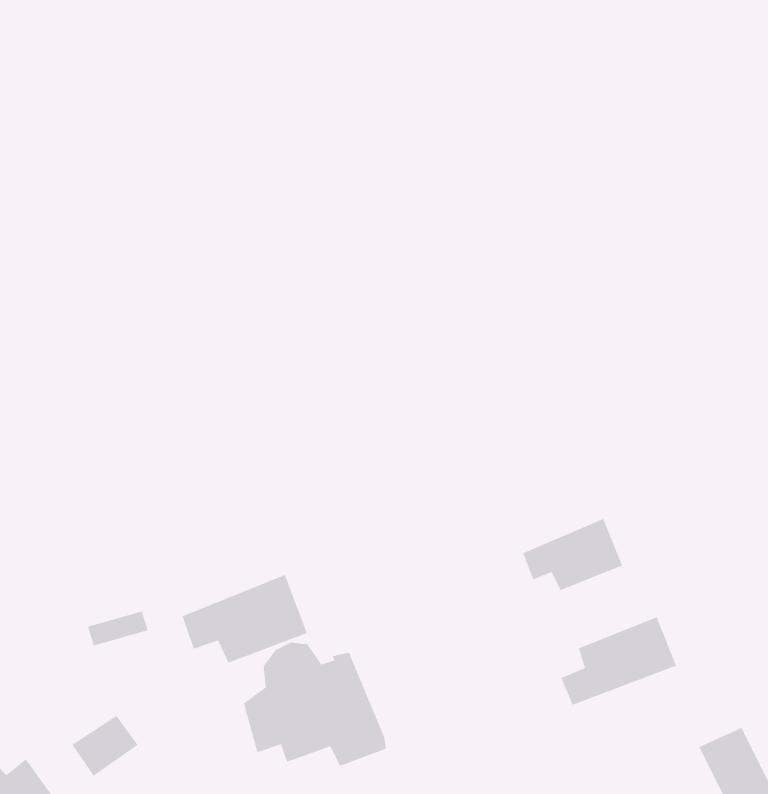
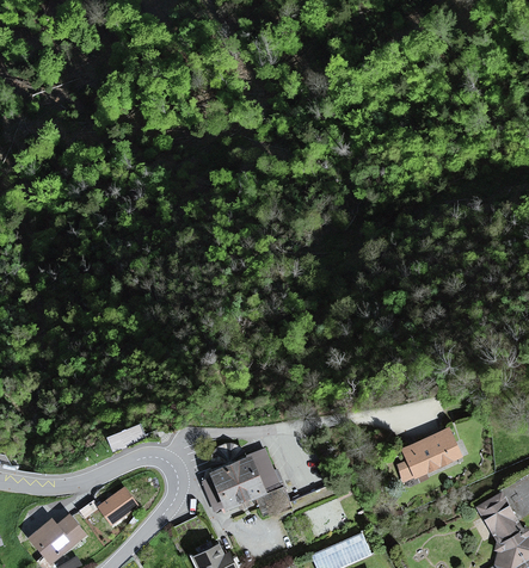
building: [522,518,623,591] -> none
building: [182,574,307,663] -> none

